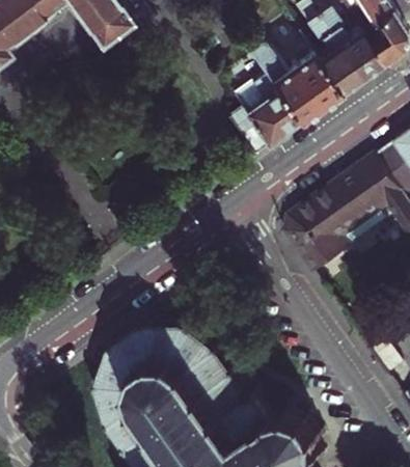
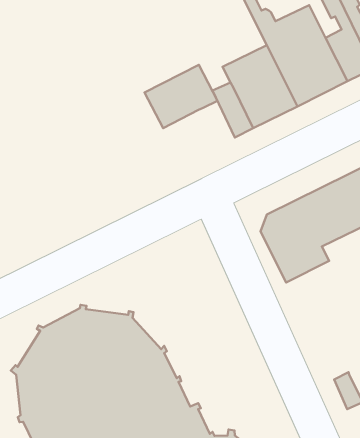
building: none -> [145,65,218,128]

